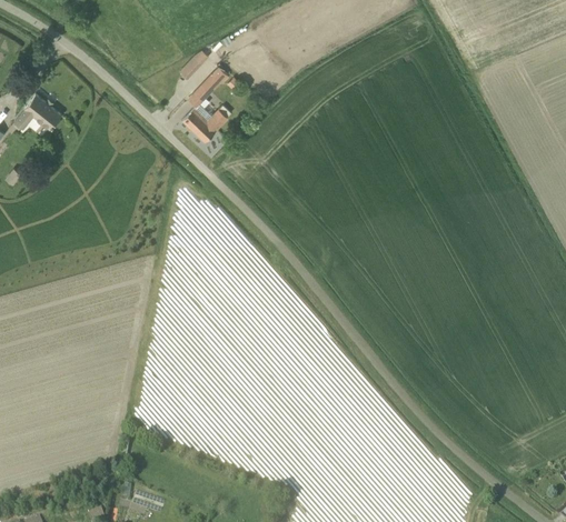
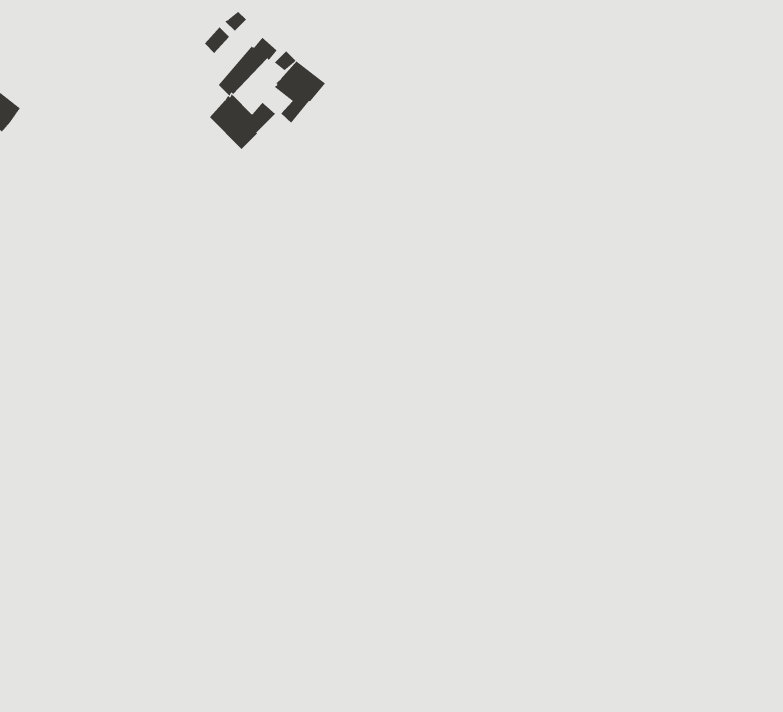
building: none -> [274,60,326,124]

